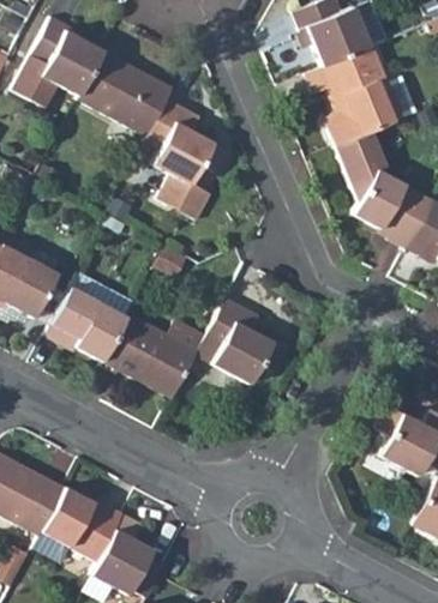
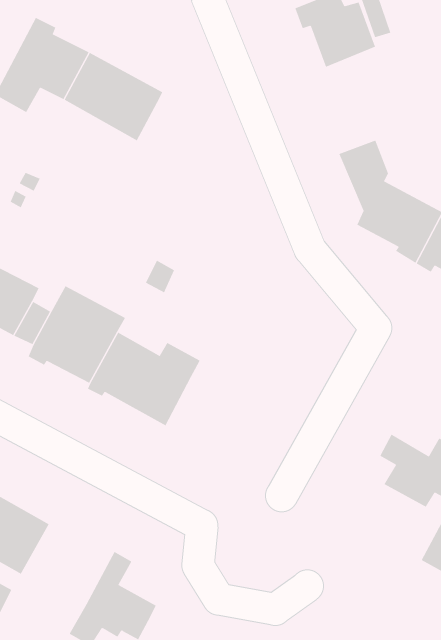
building: [305,46,401,146] -> none
building: [143,98,229,217] -> none
building: [197,299,288,384] -> none
building: [32,490,125,567] -> none

